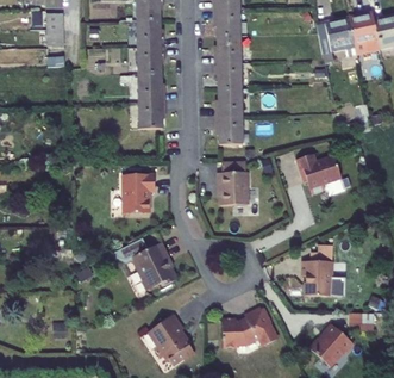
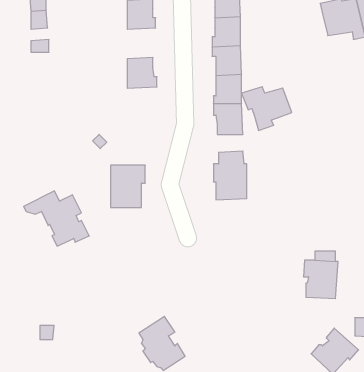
building: [137,44,164,73] -> none
building: [137,99,164,126] -> none
building: [295,153,342,193] -> [242,87,292,130]
building: [114,236,175,287] -> [24,191,89,246]
building: [220,305,274,346] -> none

